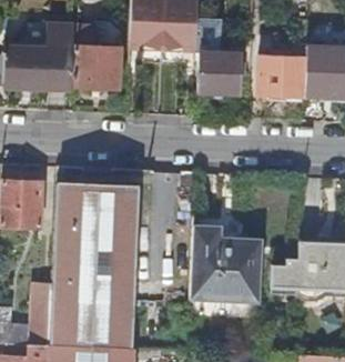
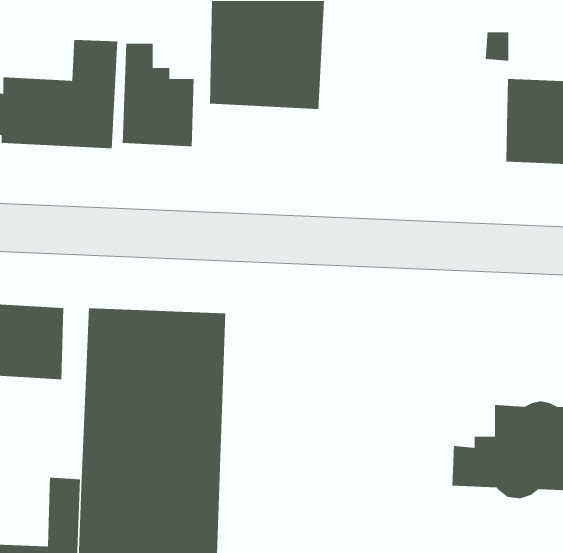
building: [257,41,307,95] -> none
building: [199,46,242,92] -> none
building: [191,227,263,304] -> none

